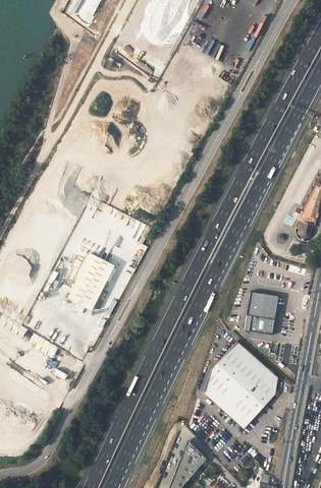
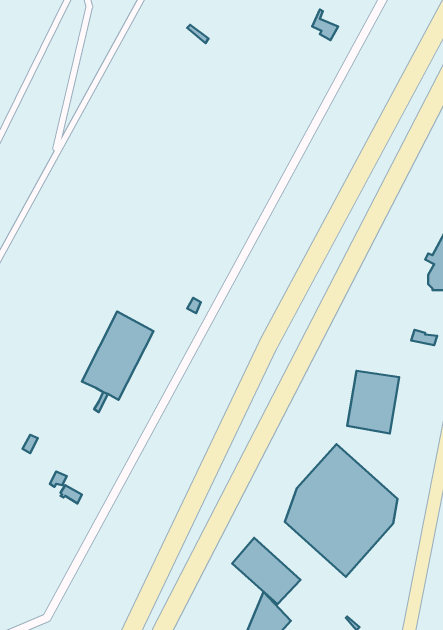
building: none -> [232,538,301,604]

